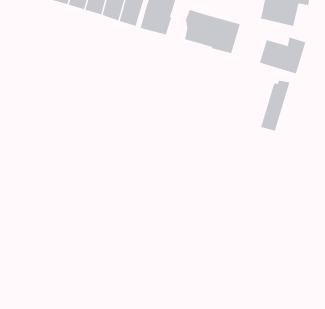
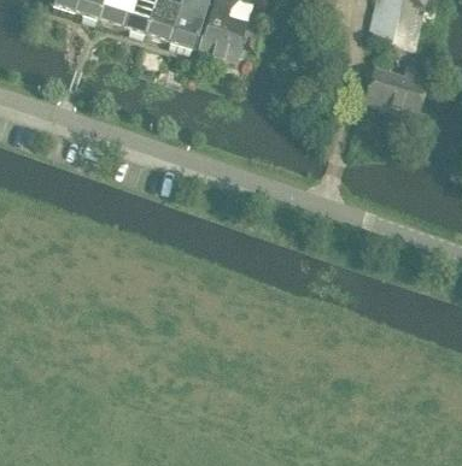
building: [184,9,241,54] -> none
building: [260,80,290,132] -> none

